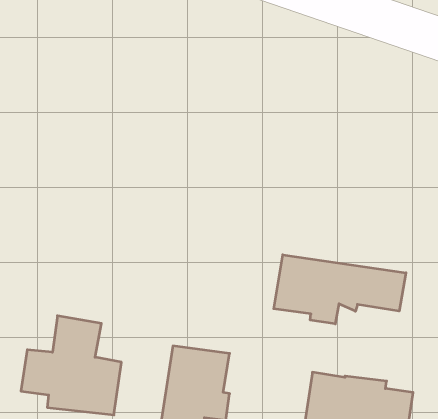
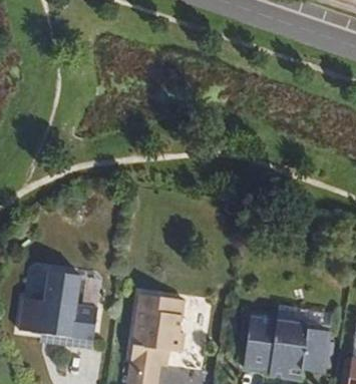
building: [274,255,406,324] -> none

